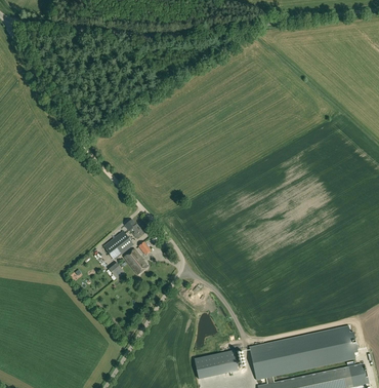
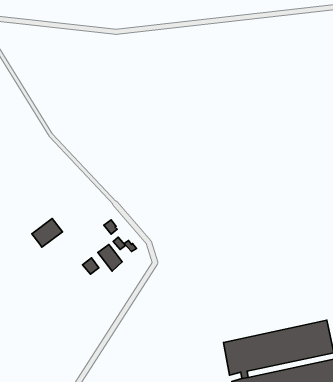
building: [102,231,133,260] -> [32,219,62,247]
building: [194,350,238,378] -> none

